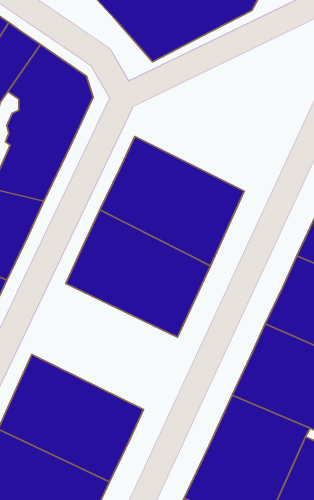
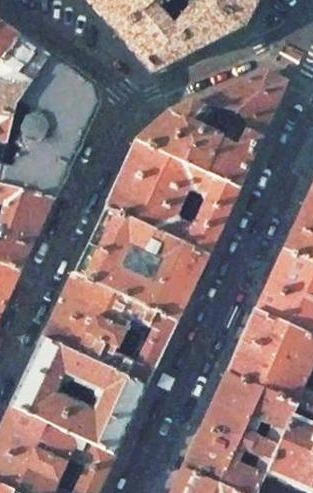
building: none -> [137,68,287,187]
building: none -> [43,271,176,386]

